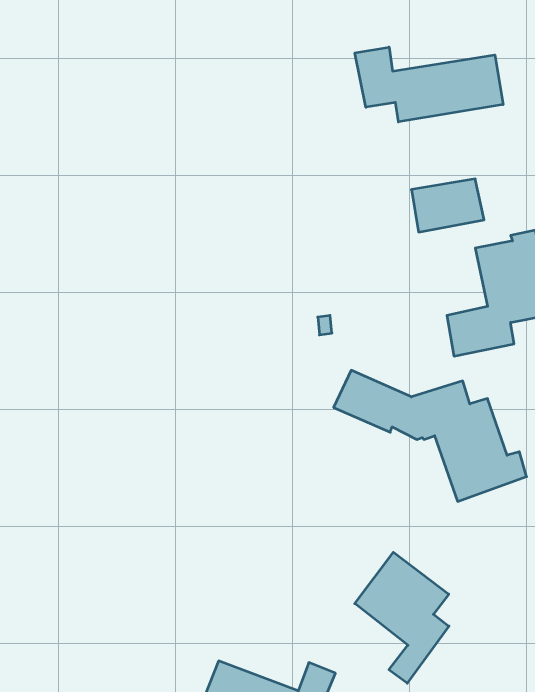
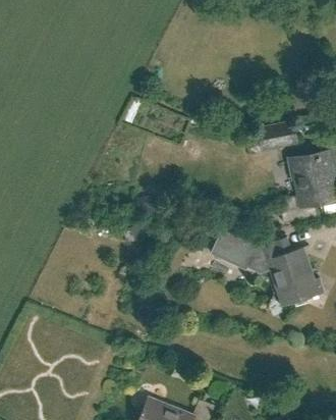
building: [355,47,503,122] -> none
building: [355,552,449,683] -> none

